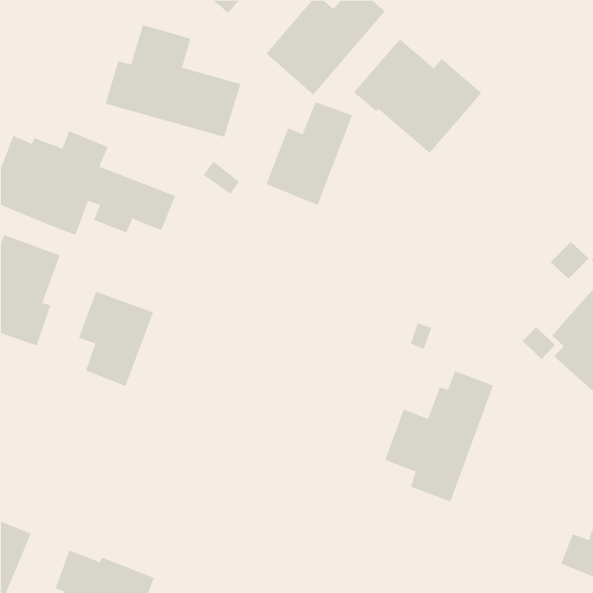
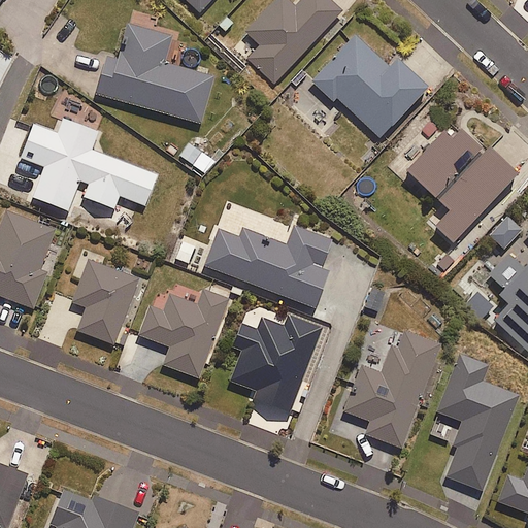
building: [266,101,353,206] -> none
building: none -> [403,122,515,241]
building: none -> [204,226,330,307]
building: none -> [139,290,228,378]
building: none -> [230,316,321,416]
building: none -> [436,352,518,491]

